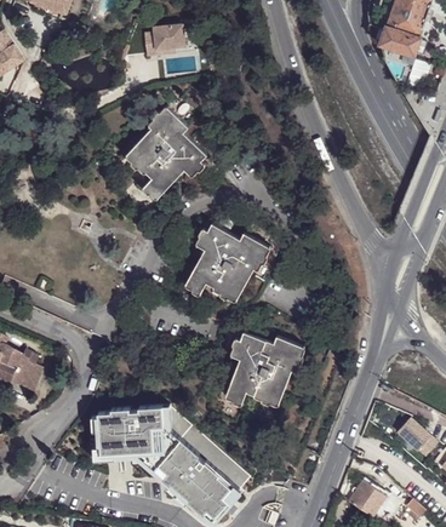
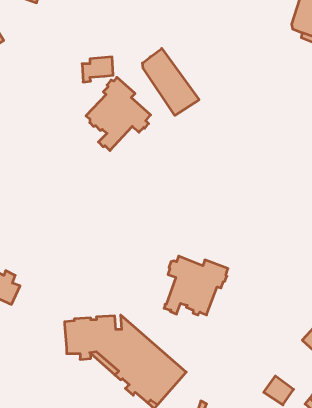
building: [144,28,183,59] -> [82,57,113,82]
building: none -> [142,48,199,115]
building: [185,223,269,299] -> none

